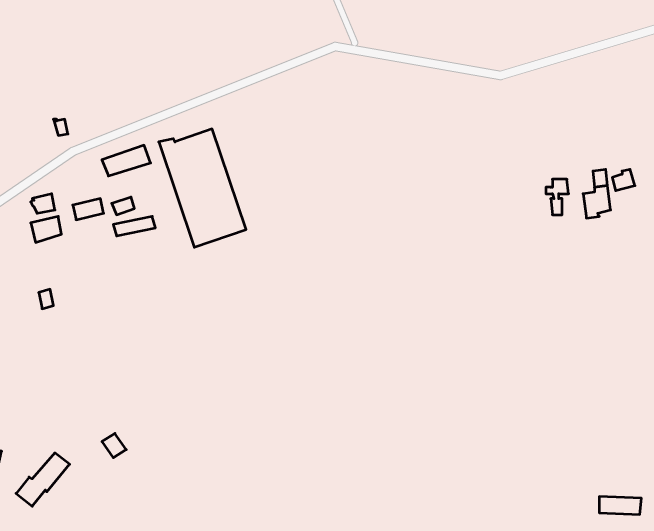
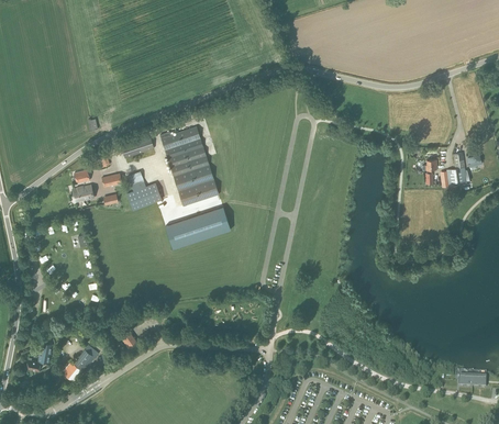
building: none -> [166,207,231,248]

